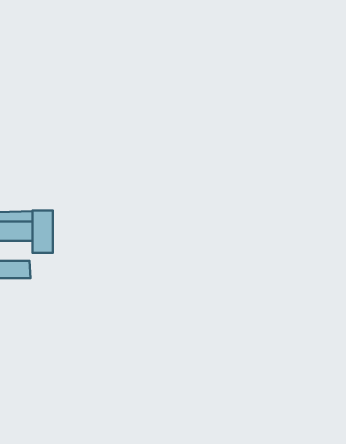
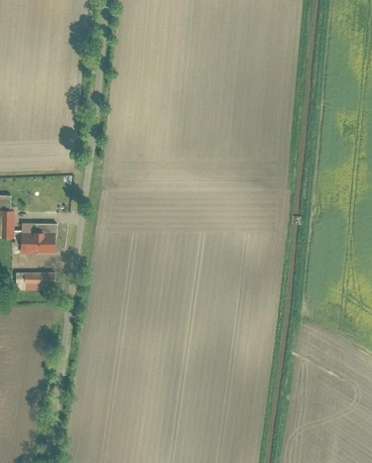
building: [32,211,53,253] -> none

